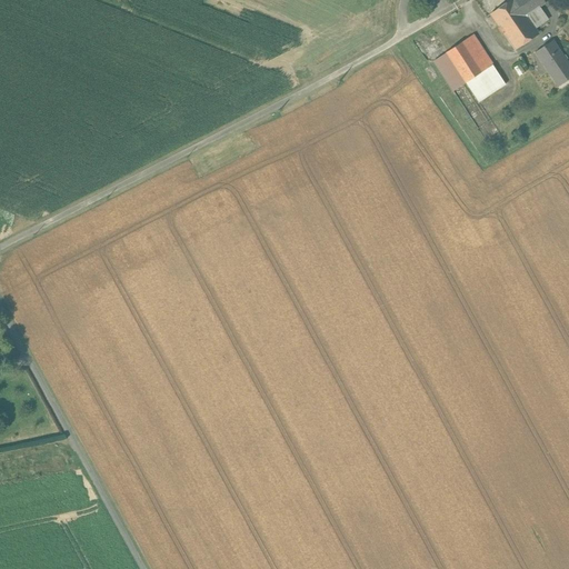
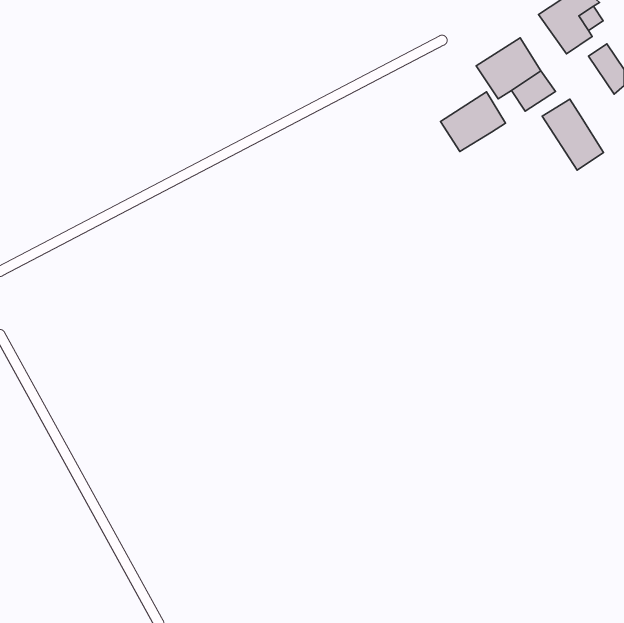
building: none -> [440,92,505,152]
building: none -> [542,99,604,170]

